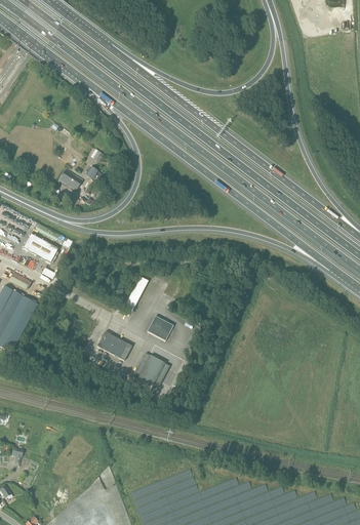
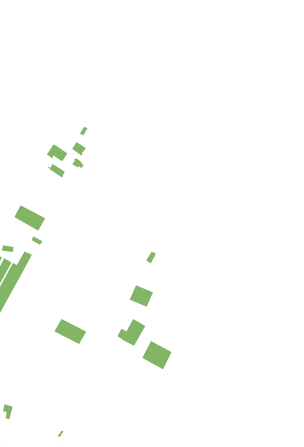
building: [97,331,133,360] -> [54,318,87,345]
building: none -> [141,340,173,370]

